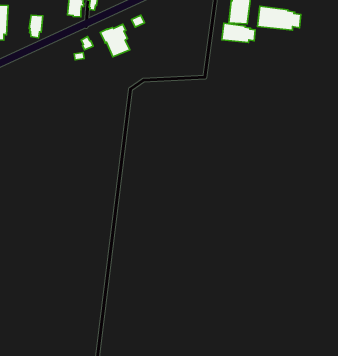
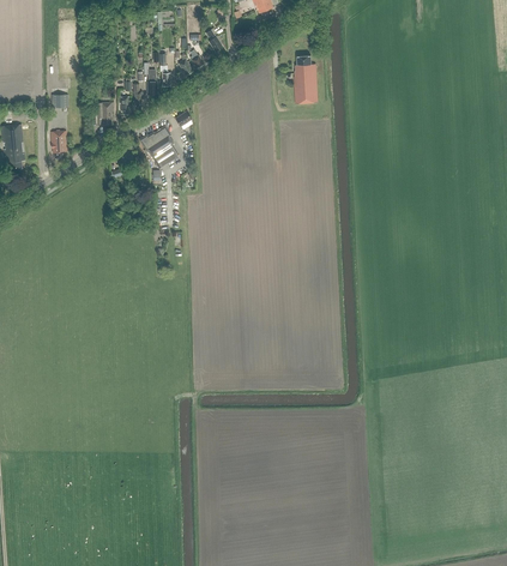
building: [257,6,301,30] -> none
building: [222,23,255,43] -> none

